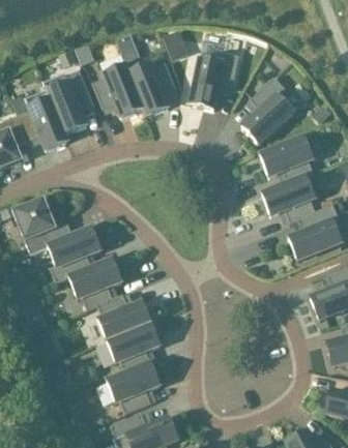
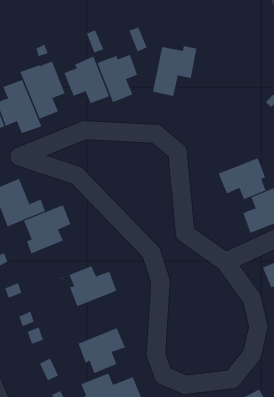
building: [242,76,296,143] -> none
building: [260,135,314,192] -> none
building: [56,258,123,308] -> none
building: [107,322,161,380] -> none

